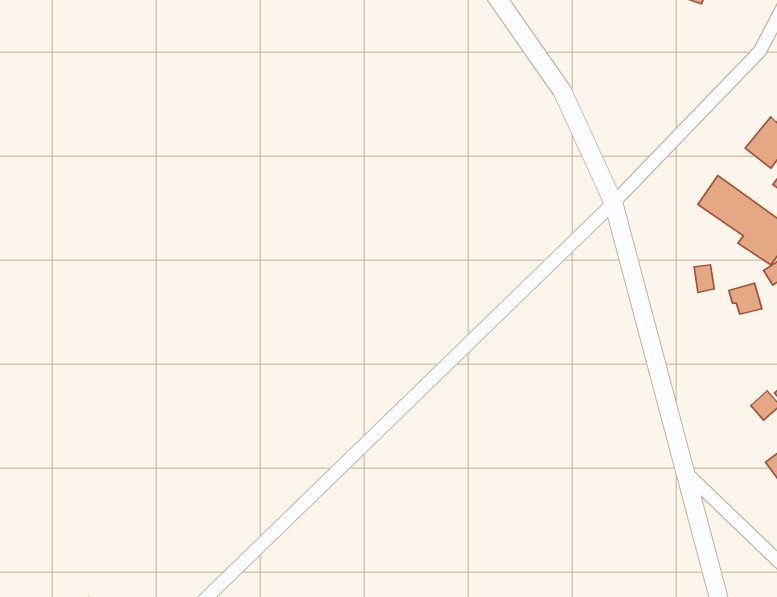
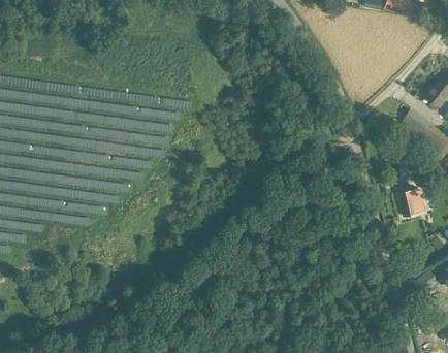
building: none -> [398,189,425,216]

